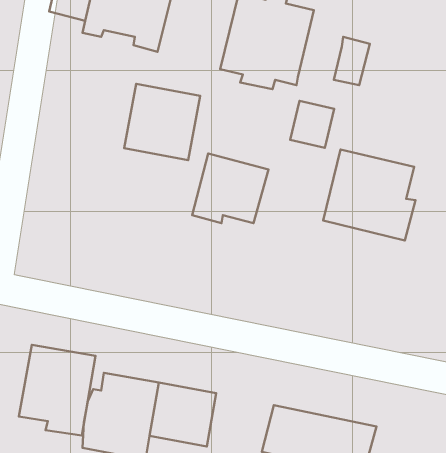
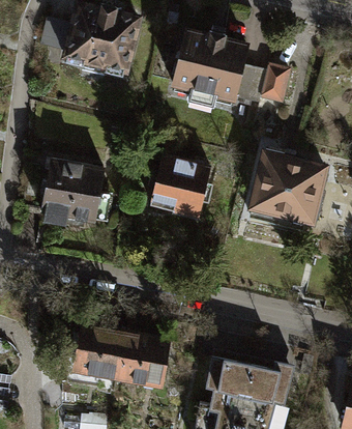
building: [124,84,200,160] -> [43,161,102,220]
building: [290,101,334,148] -> [233,66,267,103]
building: [19,345,95,436] -> none

